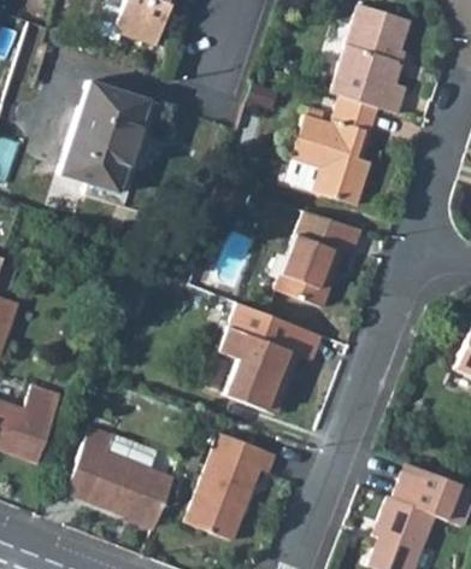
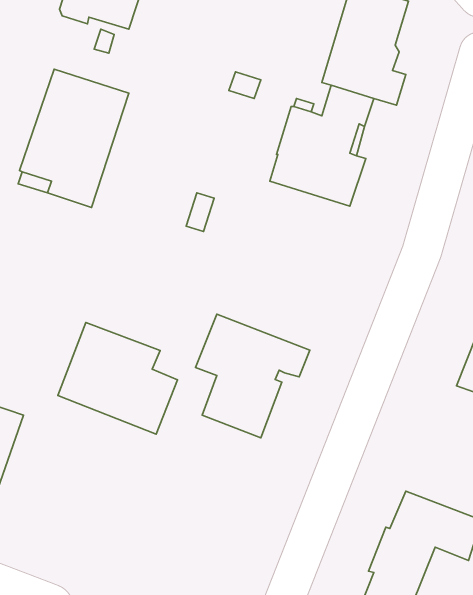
building: [275,210,360,306] -> none
building: [65,426,173,527] -> [58,322,178,434]
building: [186,432,276,540] -> none

